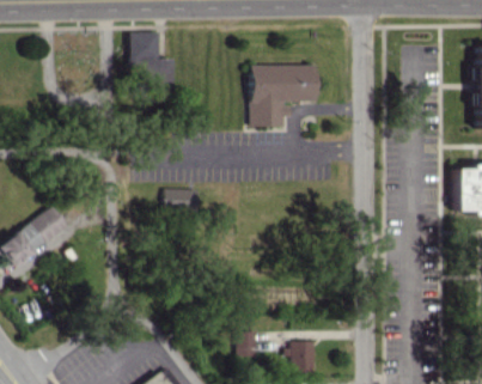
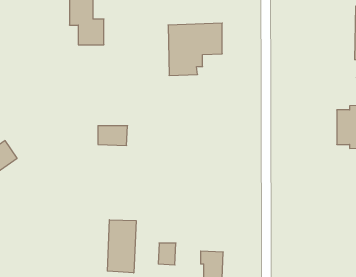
building: none -> [107,220,136,273]

